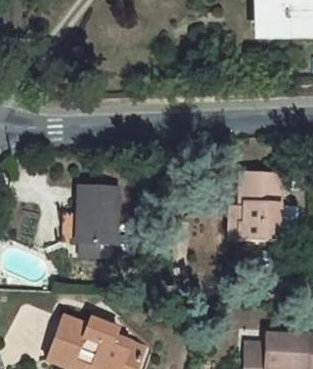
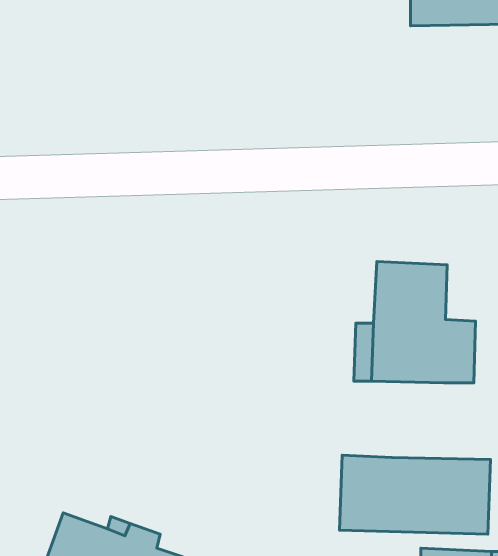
building: [63,185,120,257] -> none
building: none -> [340,455,491,534]

